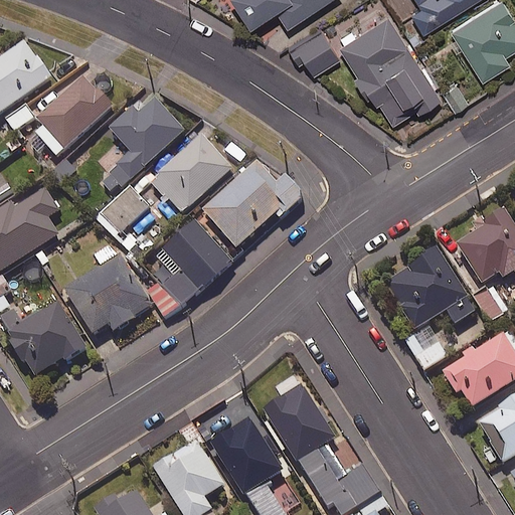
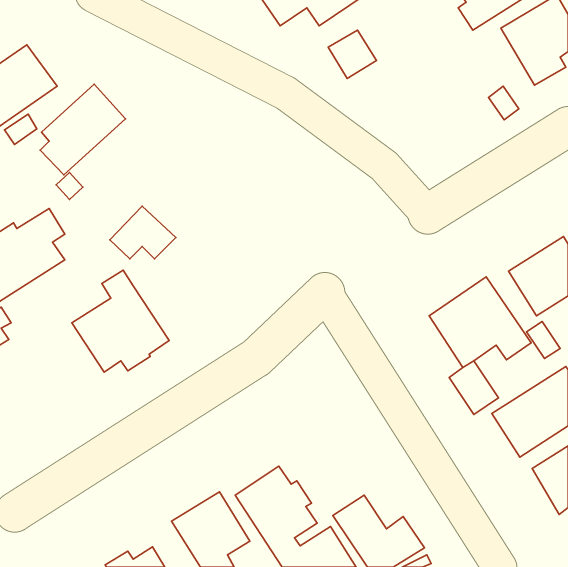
building: [334,11,441,120] -> none
building: [100,98,184,194] -> none
building: [151,135,232,214] -> none
building: [203,161,304,247] -> none
building: [144,219,231,306] -> none
building: [6,303,85,378] -> none
building: [264,385,337,463] -> none

